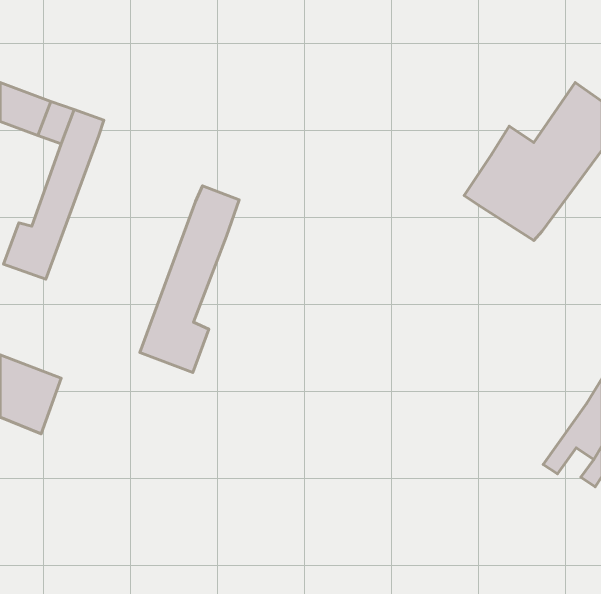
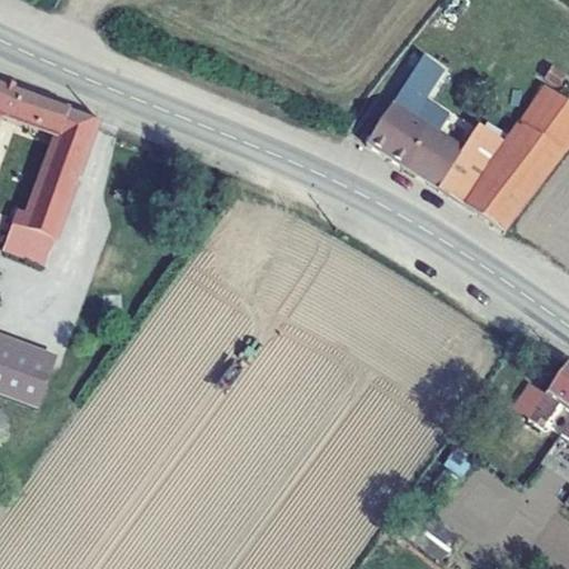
building: none -> [367,68,465,184]
building: [140,186,239,372] -> none

